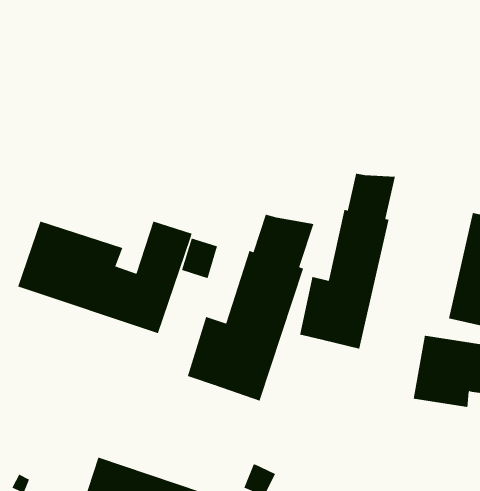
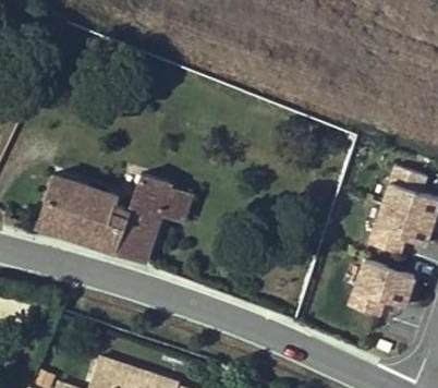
building: [300,173,396,350] -> none
building: [187,214,314,401] -> none

